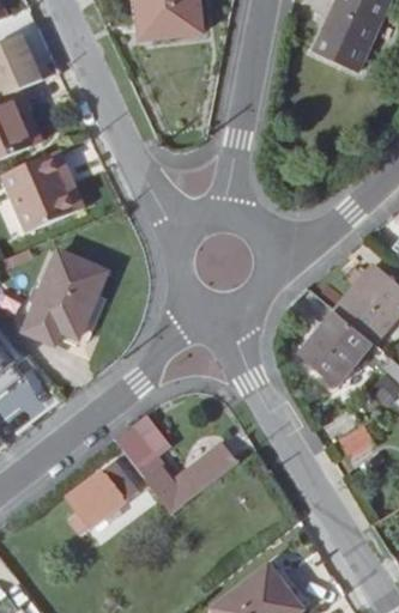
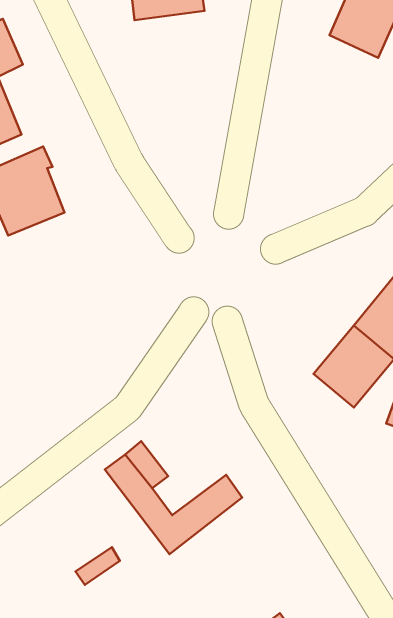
building: [25,250,107,344] -> none
building: [69,463,135,524] -> none

